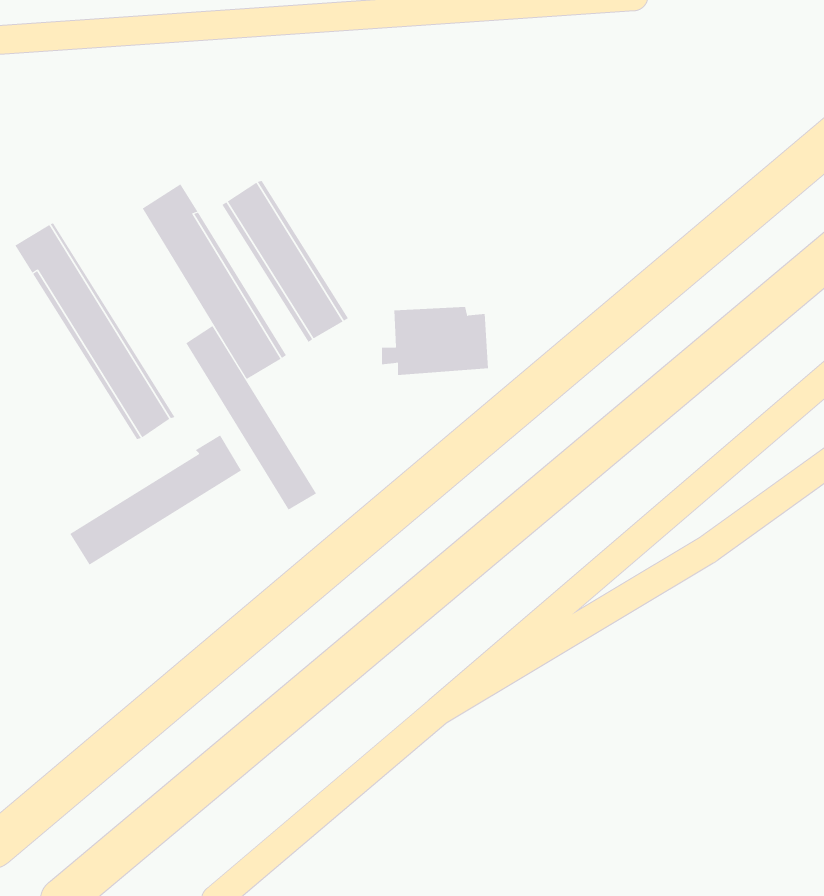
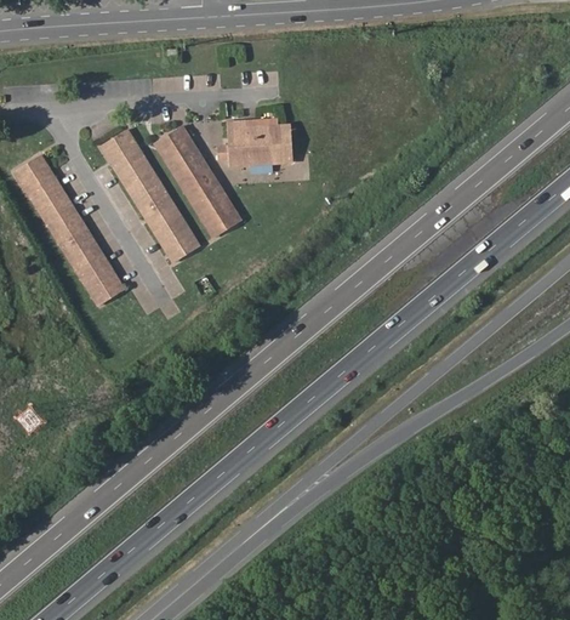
building: [381,306,489,375] -> [218,118,292,165]
building: [186,325,317,511] -> none
building: [69,434,242,565] -> none

